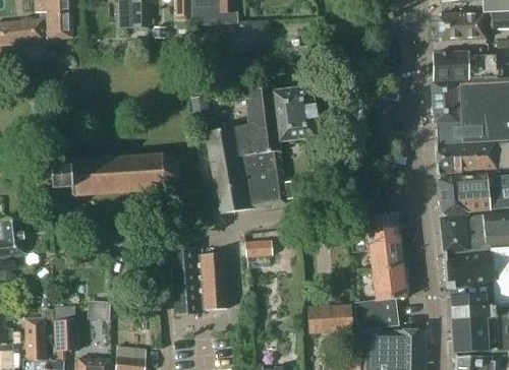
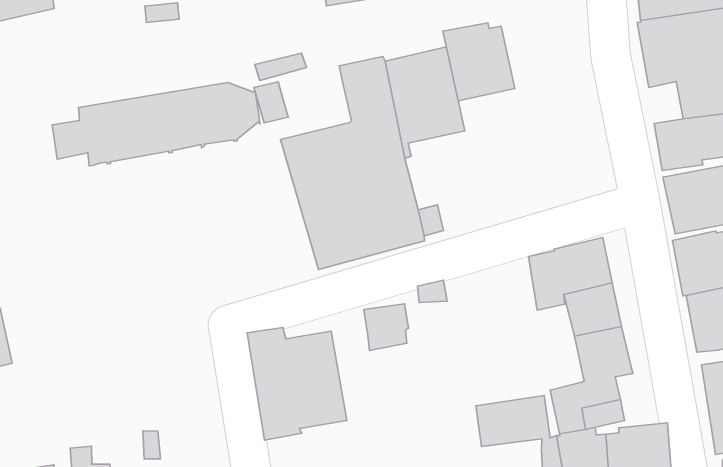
building: none -> [443,23,515,101]
building: [51,152,179,195] -> [52,82,260,166]

